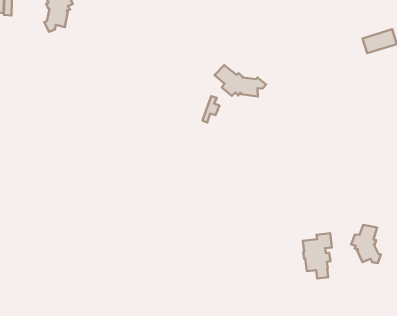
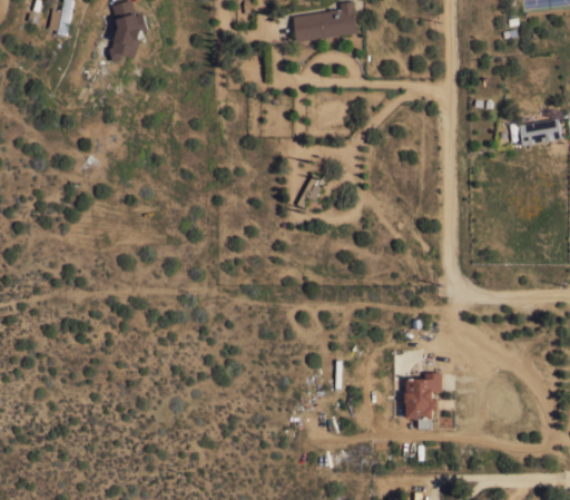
building: [214,65,266,96] -> none
building: [351,225,381,263] -> none

